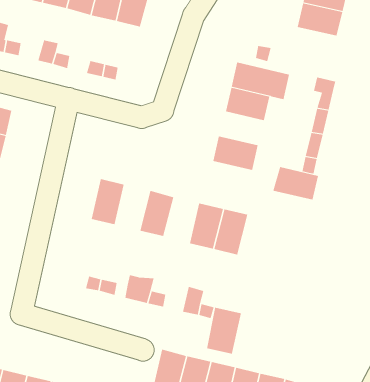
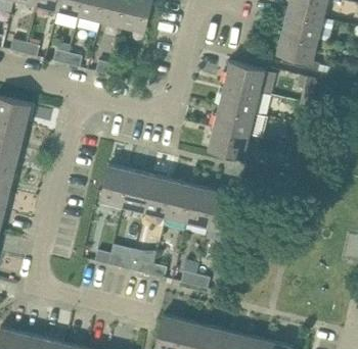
building: none -> [276,32,319,72]
building: [273,167,319,200] -> [213,106,254,136]
building: none -> [122,170,152,211]
building: none -> [165,182,195,222]
building: [206,307,241,354] -> none

